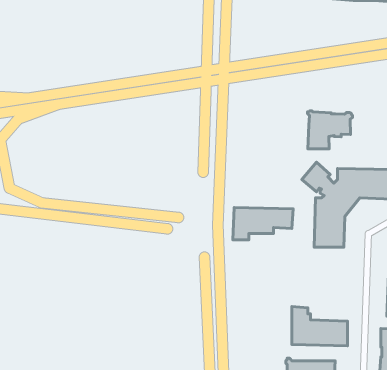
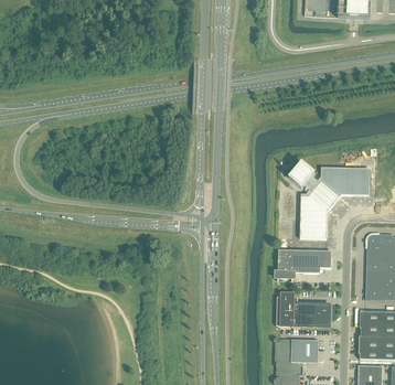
building: [308,111,353,149] -> none
building: [233,208,293,240] -> [277,249,331,278]

